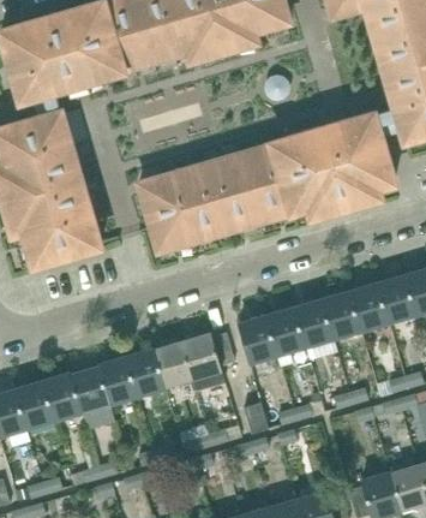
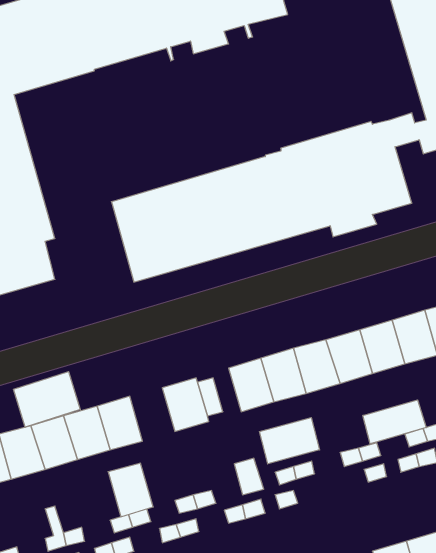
building: none -> [14,372,80,427]
building: [154,343,192,388] -> [108,463,153,517]
building: none -> [363,400,426,444]
building: none -> [259,418,320,464]

